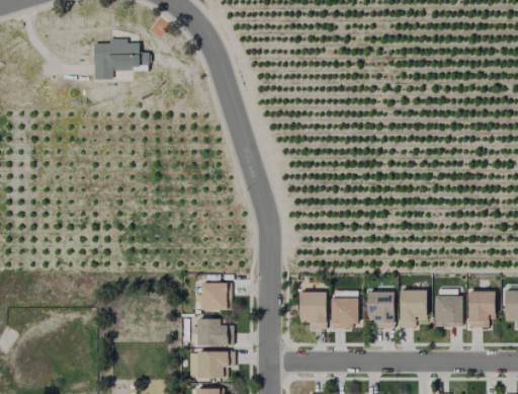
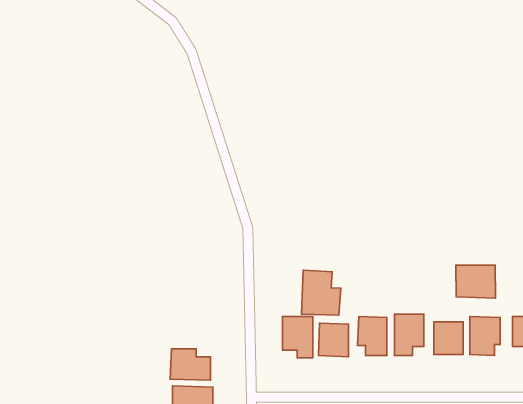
building: [96,41,151,80] -> none
building: none -> [456,265,495,298]
building: none -> [302,270,341,315]
building: [200,287,231,313] -> none

